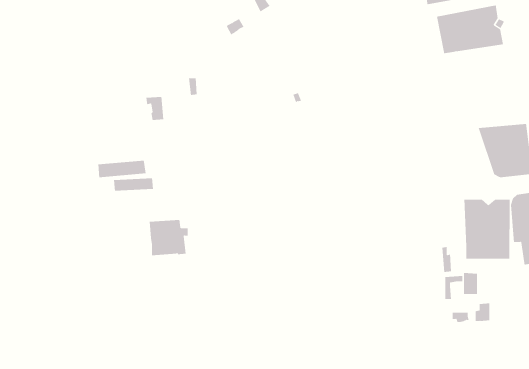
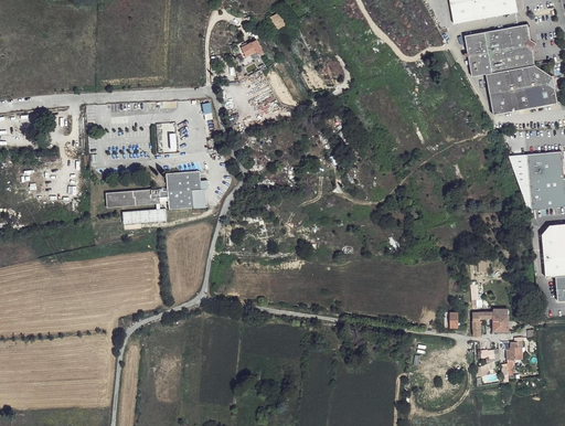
building: none -> [484,66,556,114]
building: [464,199,510,259] -> none
building: [149,219,189,256] -> [166,170,207,209]

